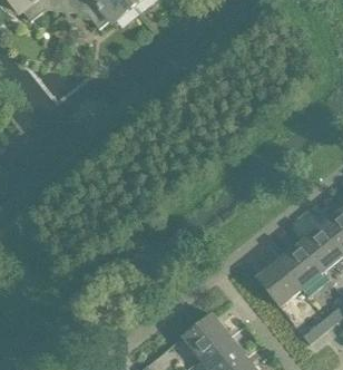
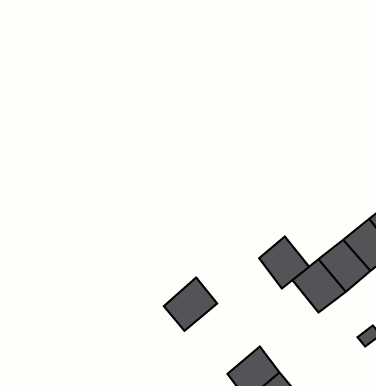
building: none -> [259,237,309,288]
building: [184,313,229,359] -> [164,278,217,331]

